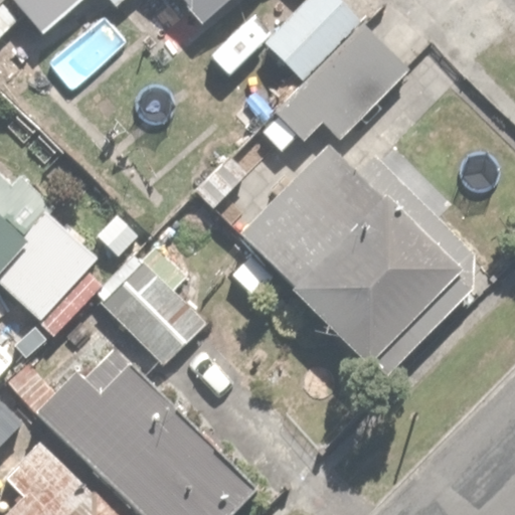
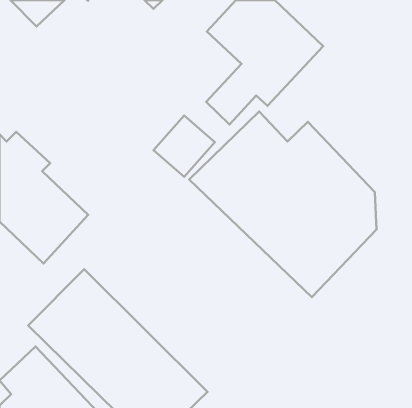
building: [103,248,223,367] -> none

